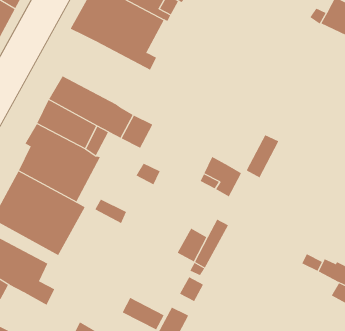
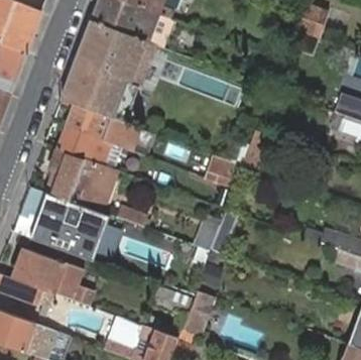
building: none -> [72,67,151,122]

